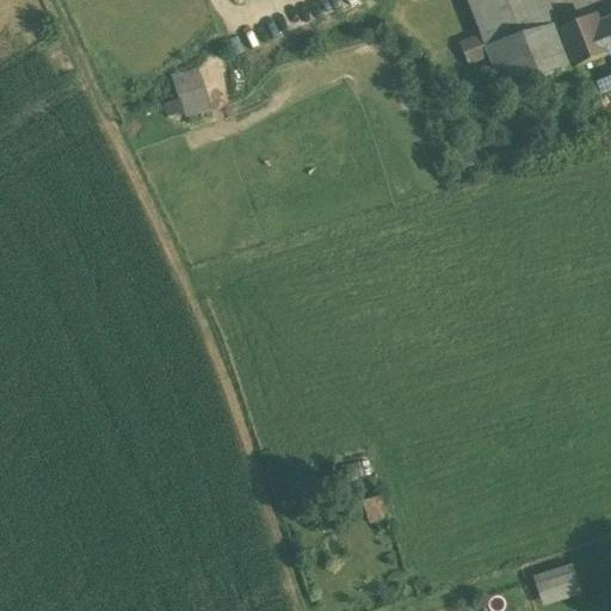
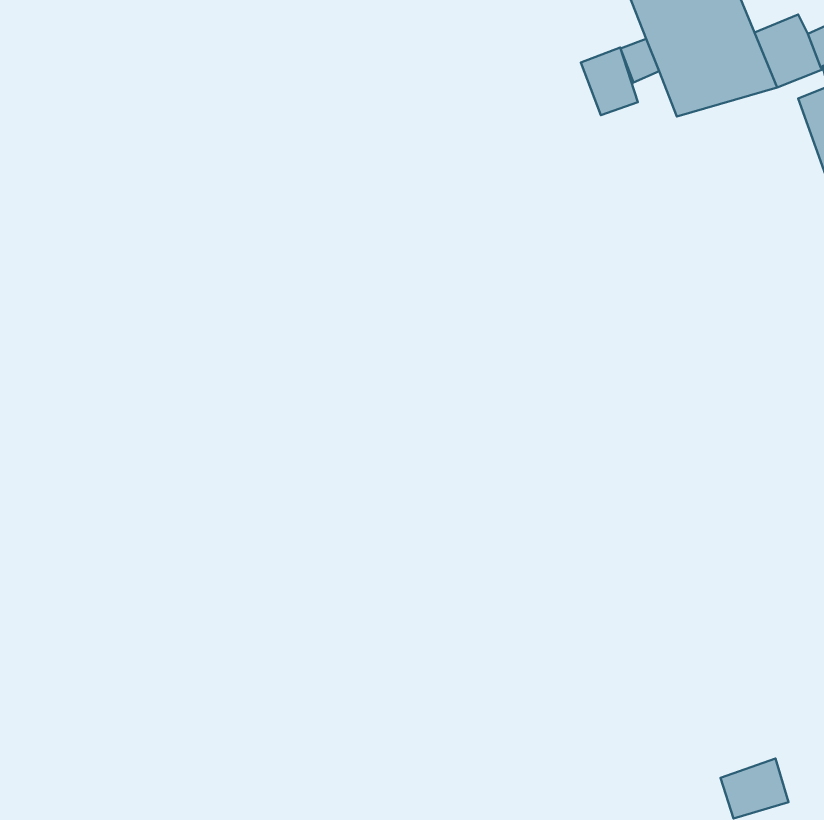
building: none -> [581,48,638,115]
building: [171,62,212,113] -> none

